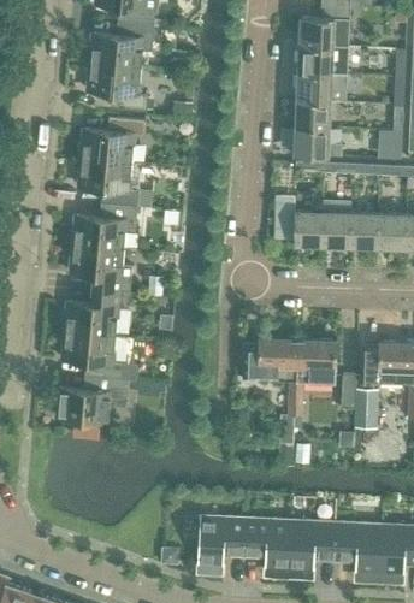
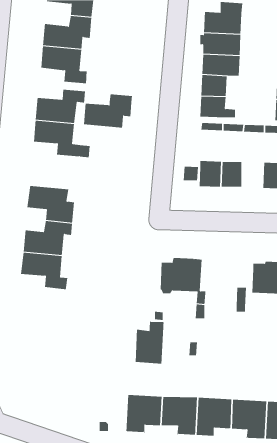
building: [72,203,137,248] -> [83,94,133,128]
building: [349,212,377,247] -> none
building: [295,339,336,384] -> none
building: [55,376,129,438] -> none
building: [354,389,377,427] -> none
building: none -> [135,320,164,365]

